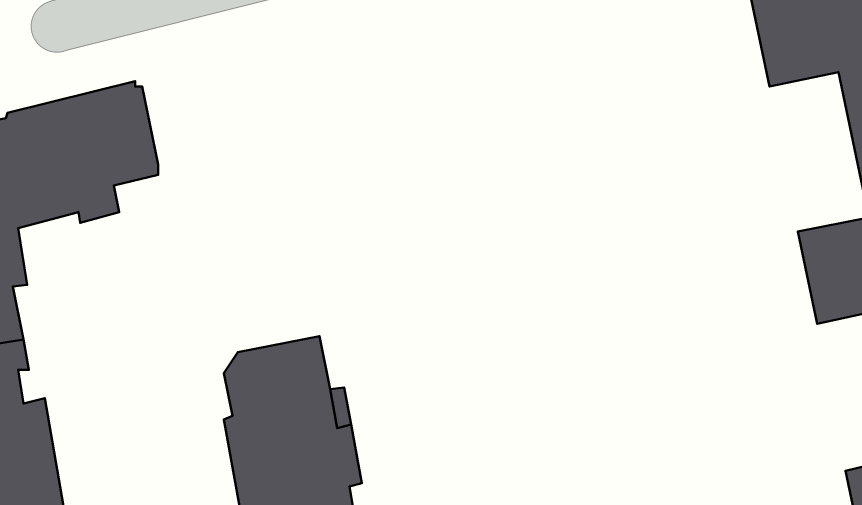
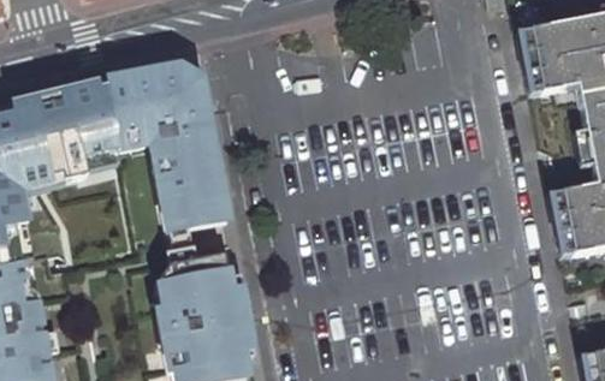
building: none -> [102,64,227,237]

